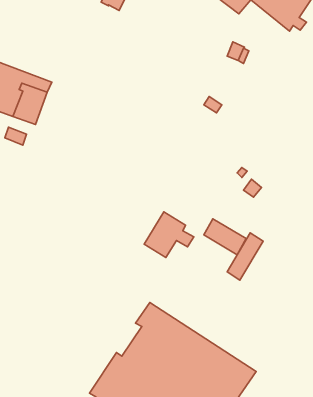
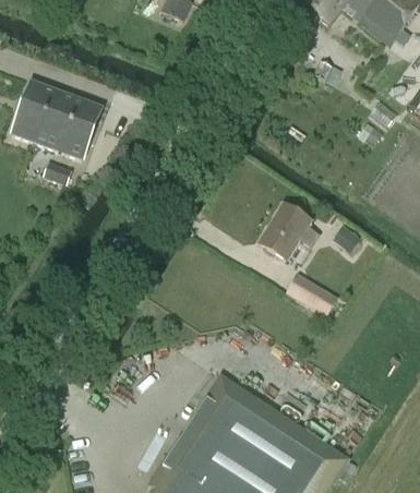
building: [144,212,194,258] -> [259,203,319,258]
building: [227,233,263,280] -> none

